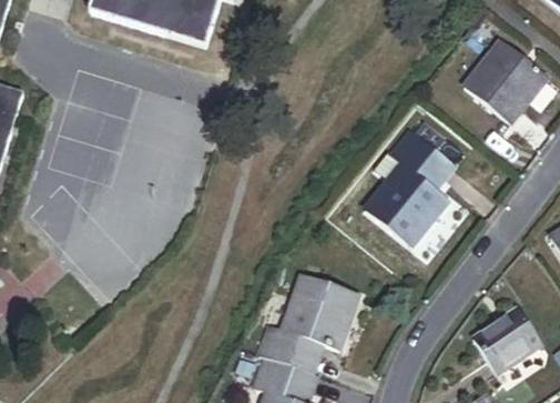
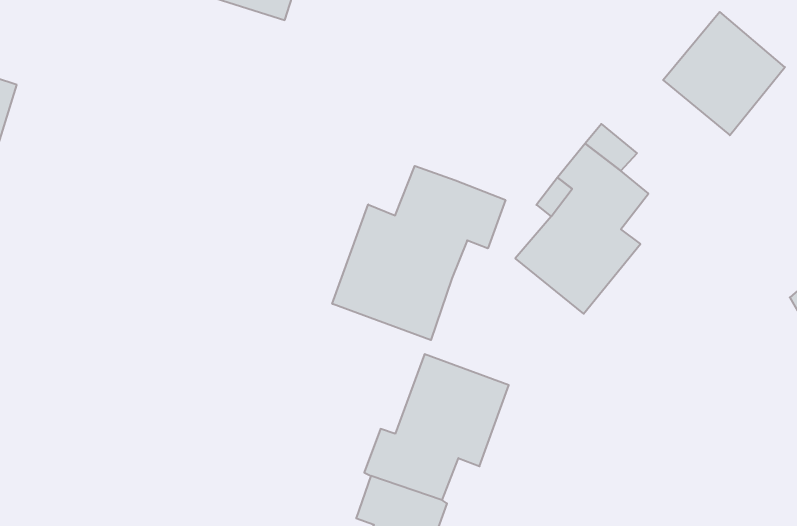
building: none -> [332,166,505,340]
building: [471,306,541,373] -> none

